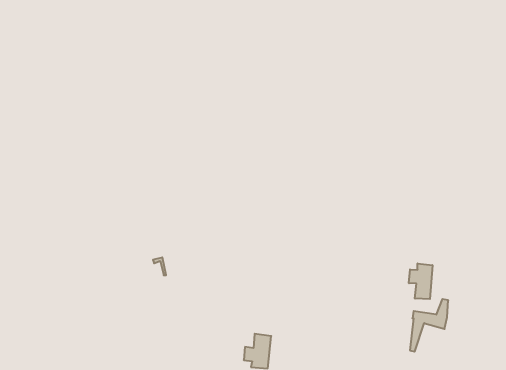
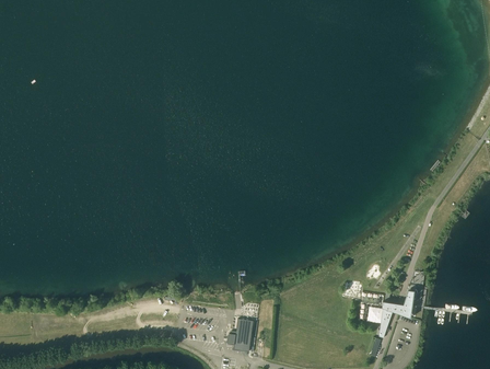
building: [409,263,432,299] -> none

